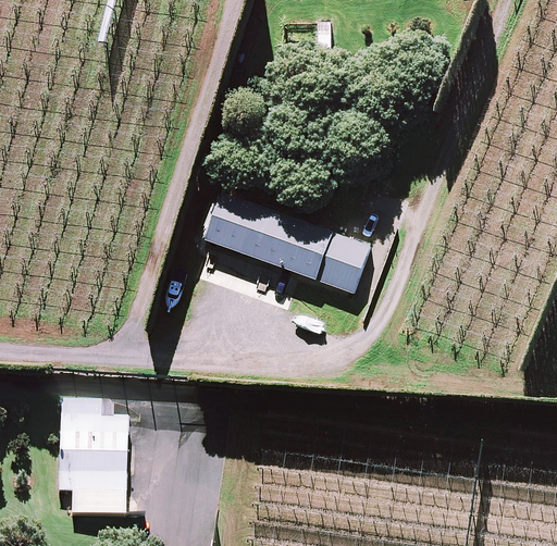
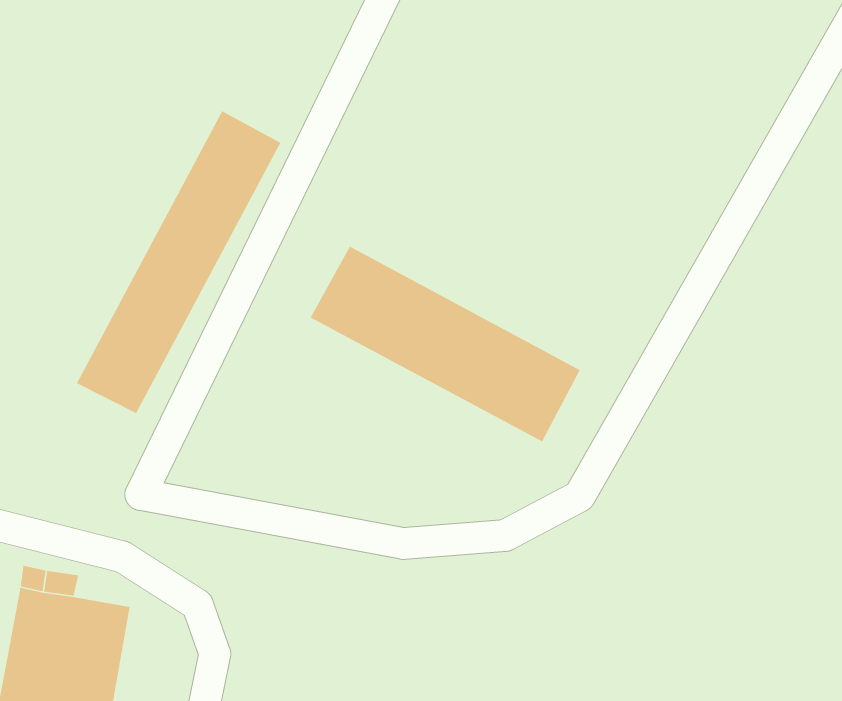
building: none -> [76,110,281,414]

